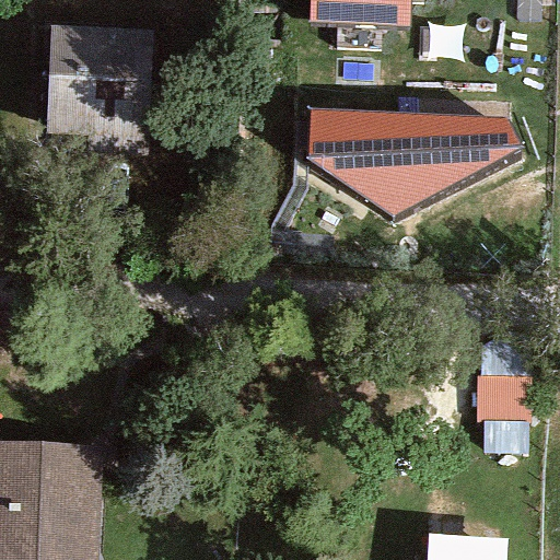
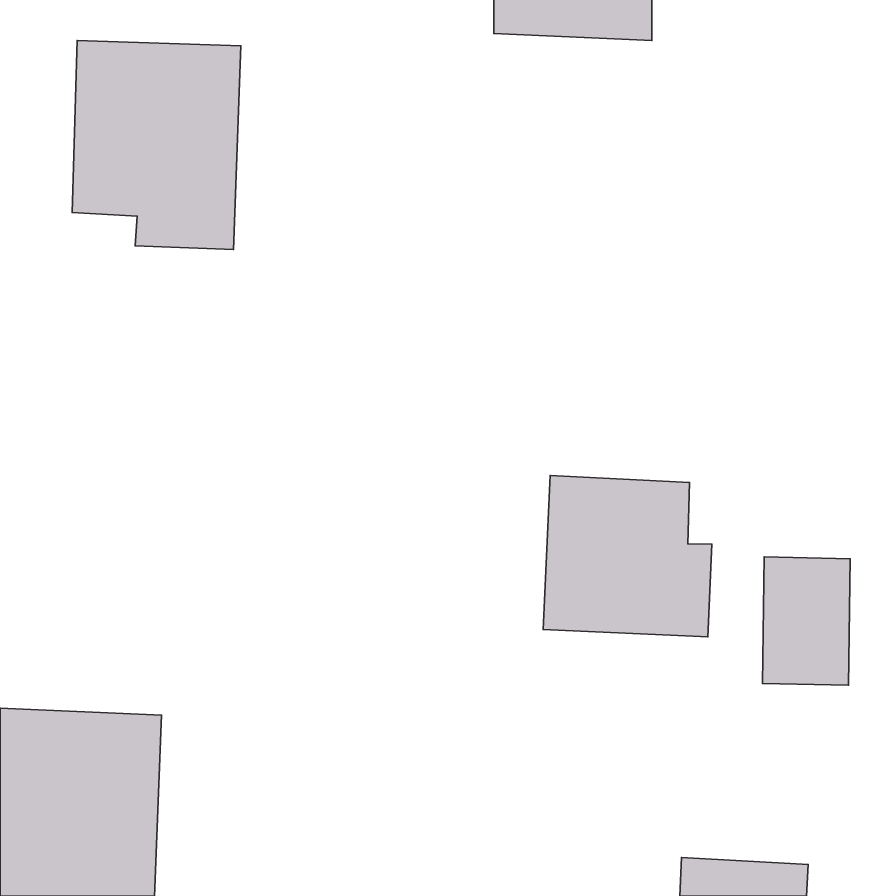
building: [305,109,518,217] -> none
building: none -> [543,476,712,637]

